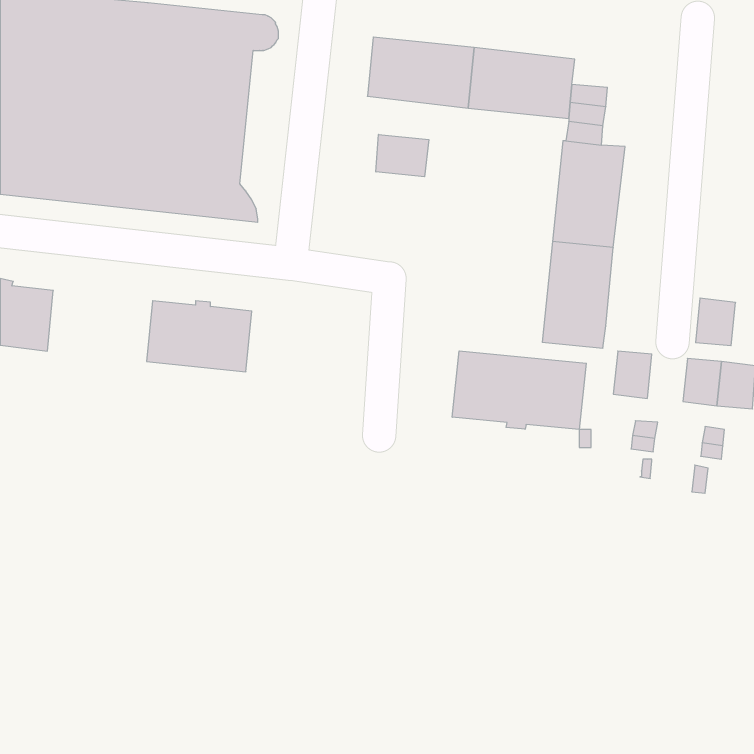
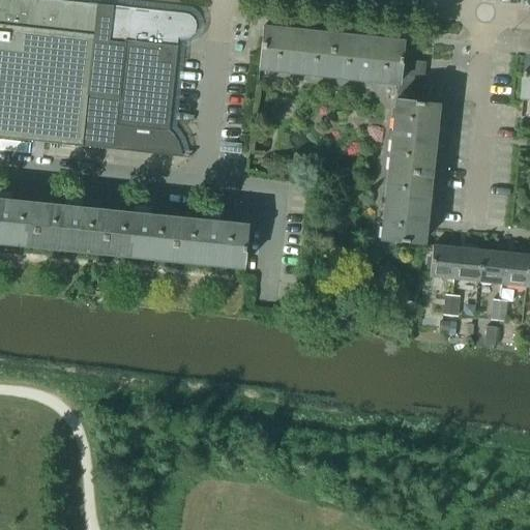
building: [376,134,429,177] -> none
building: none -> [35,203,109,253]
building: [696,298,736,346] -> [454,247,482,281]
building: none -> [174,217,248,267]
building: [452,351,586,430] -> none

